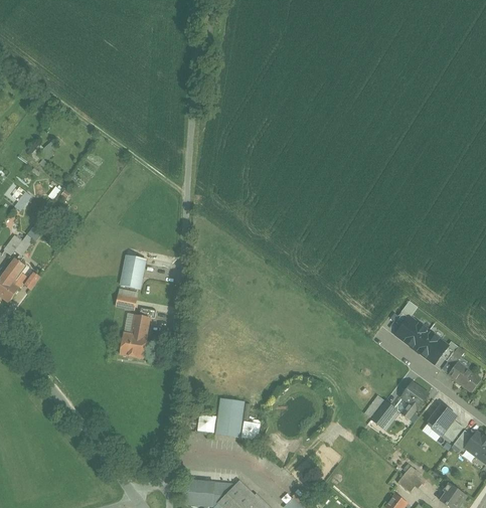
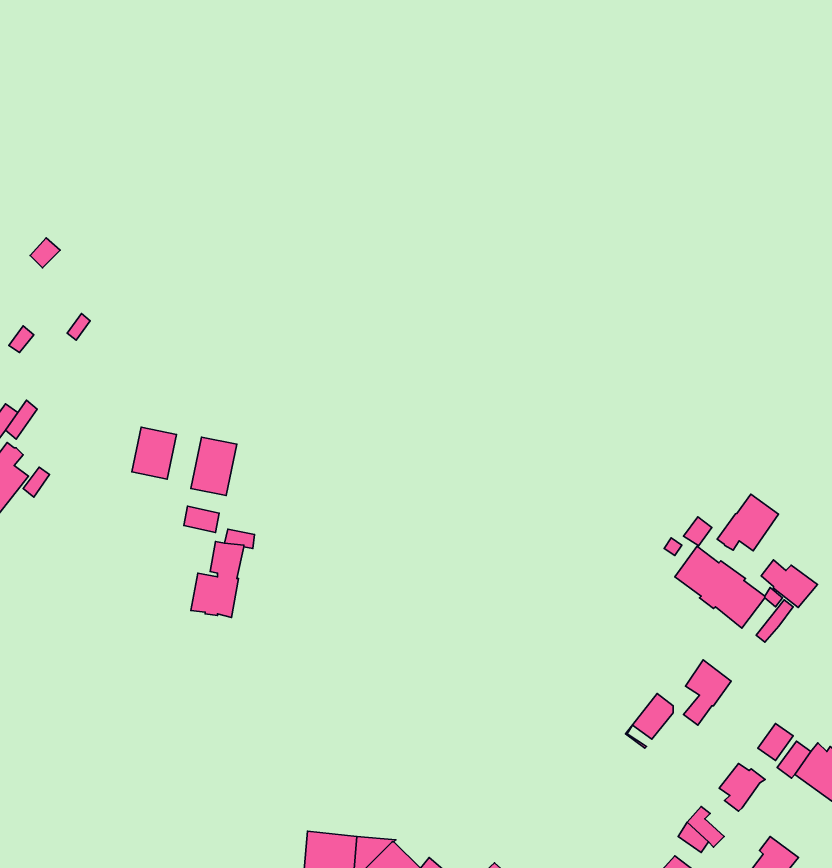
building: none -> [132,427,176,479]
building: none -> [717,494,778,551]
building: [449,365,481,392] -> [761,560,818,608]
building: [200,397,247,437] -> none
building: [430,407,456,435] -> [719,764,765,811]

